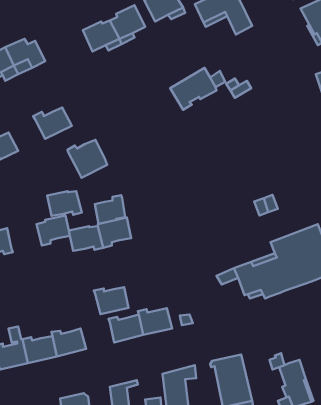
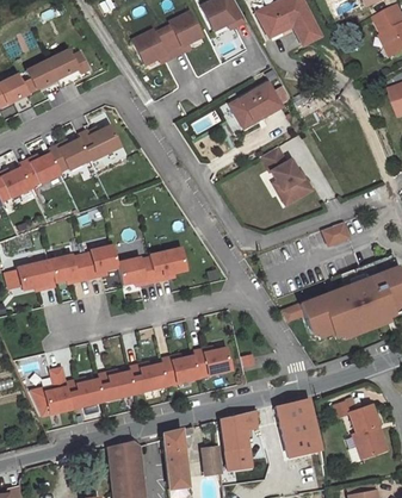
building: none -> [260,147,311,204]
building: [67,140,107,178] -> [48,138,92,180]
building: [47,191,82,216] -> [48,254,86,281]
building: [95,195,125,224] -> none
building: [94,287,128,314] -> [128,362,166,392]

